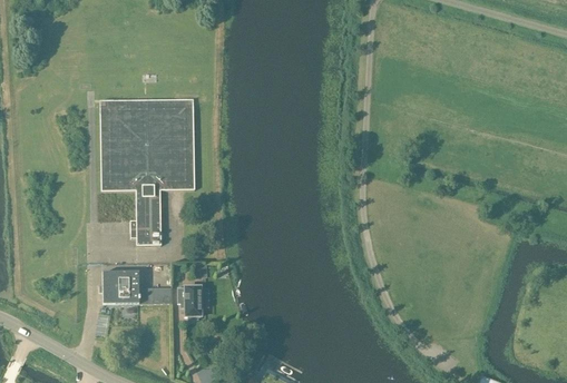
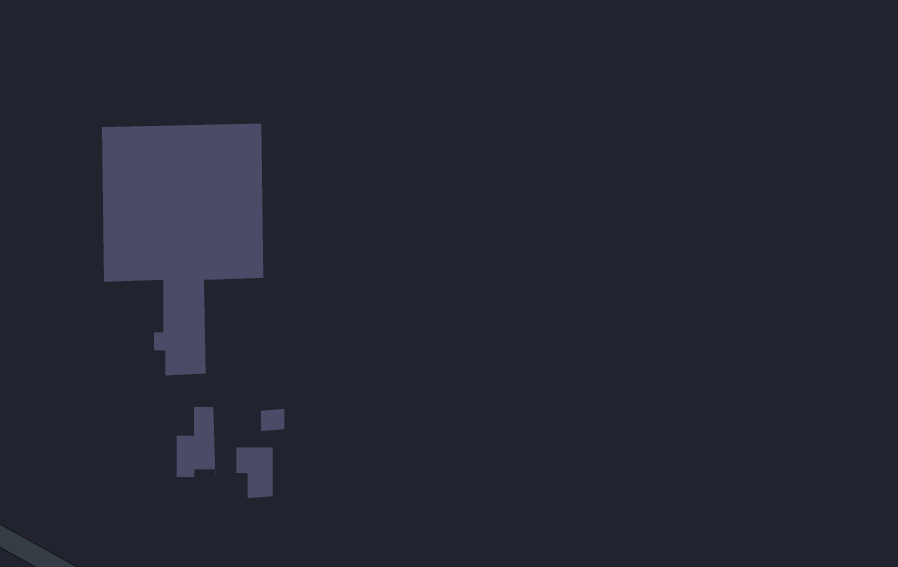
building: [102,272,139,303] -> none

